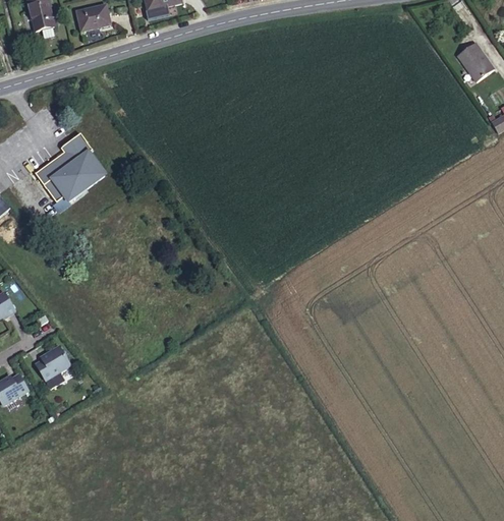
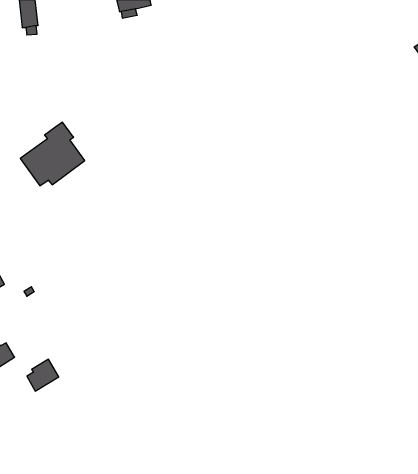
building: [72,8,105,33] -> none
building: [36,345,70,380] -> [27,359,59,391]

